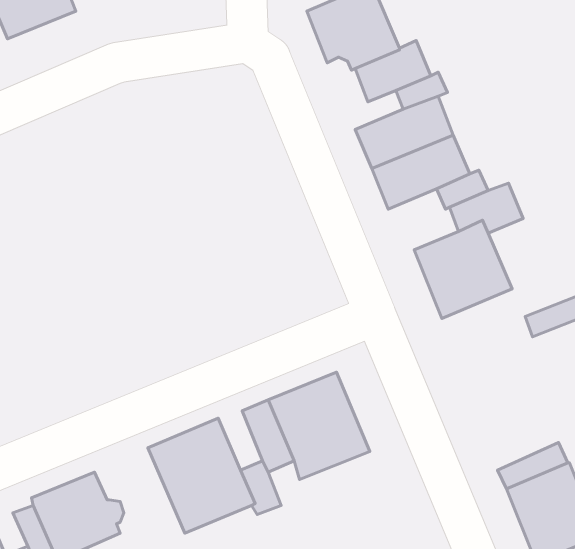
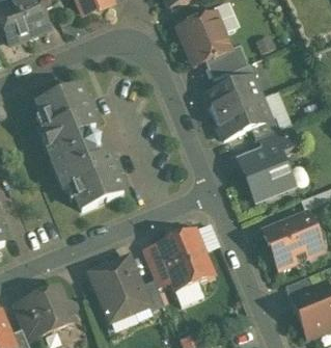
building: none -> [36,84,122,208]
building: none -> [263,211,321,267]

